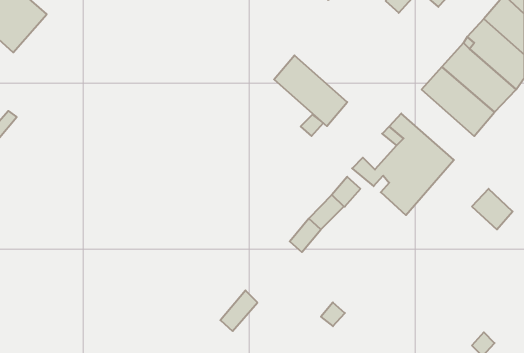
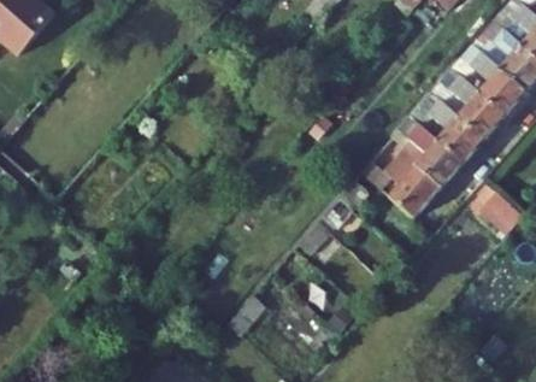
building: [274,55,347,126] -> [410,92,483,163]

